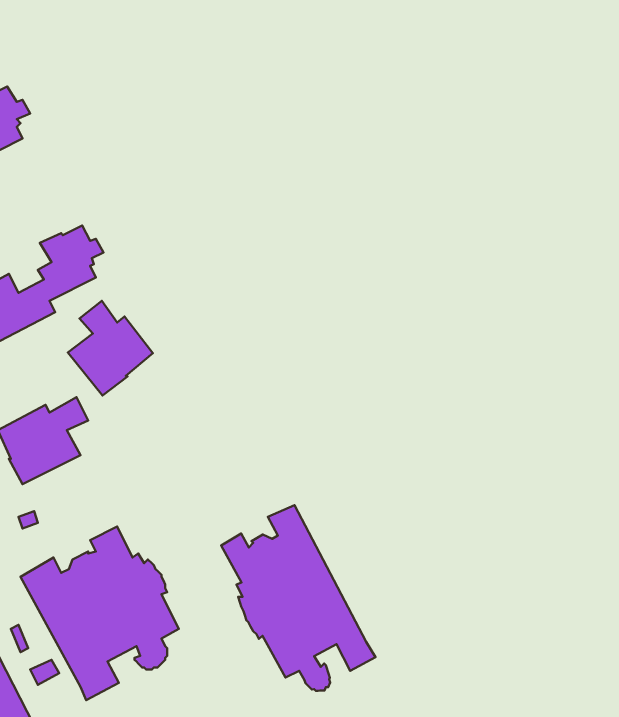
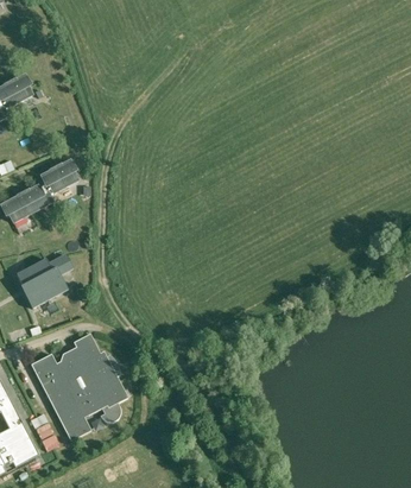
building: [68,301,153,396] -> none
building: [221,505,375,691] -> none

